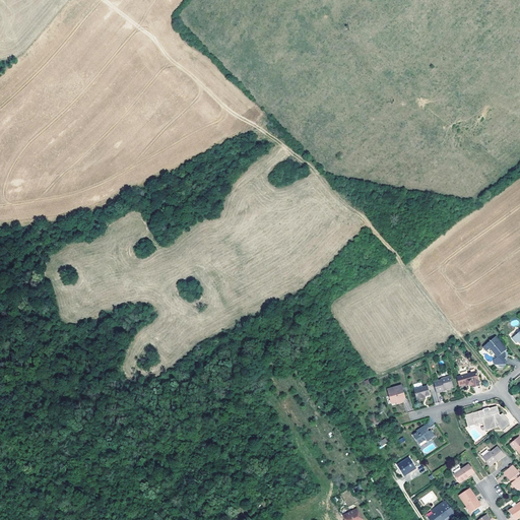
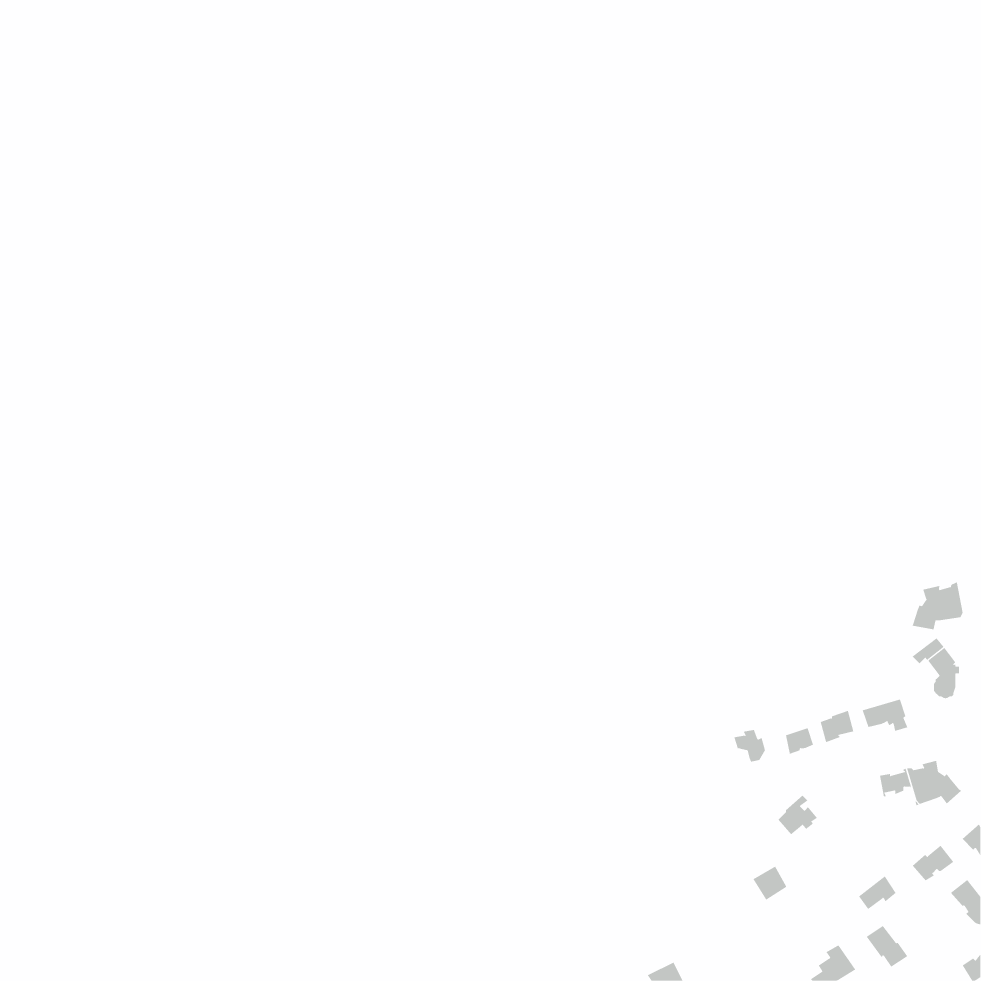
building: none -> [912,581,963,630]

